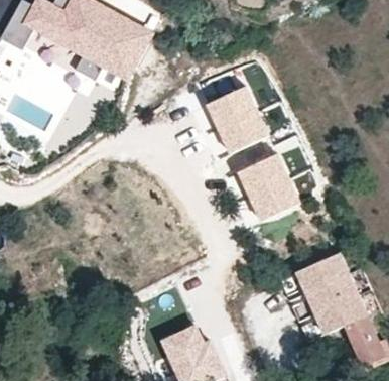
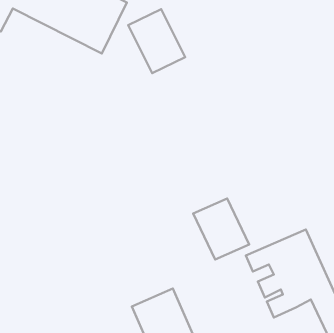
building: [207,87,264,151] -> [128,9,185,73]
building: [239,157,295,219] -> [193,199,249,260]

